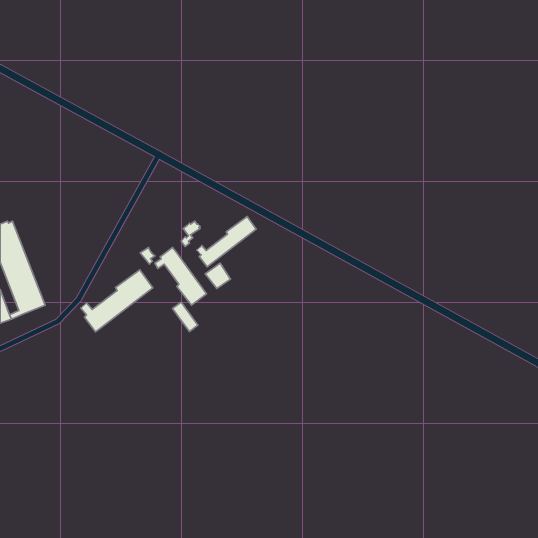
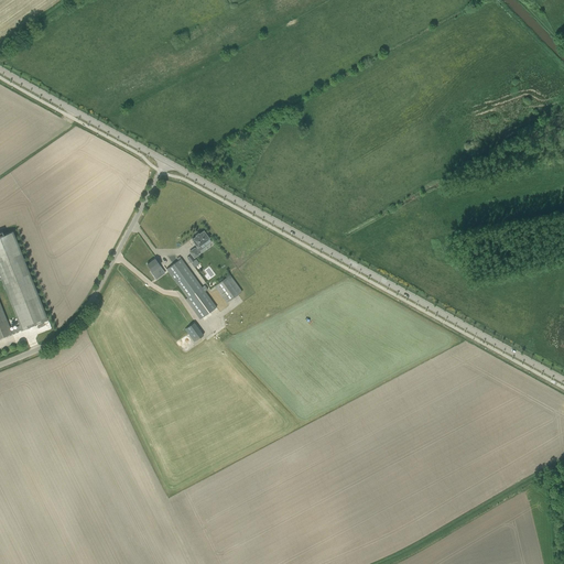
building: [197,217,256,267] -> none
building: [81,270,153,332] -> none

